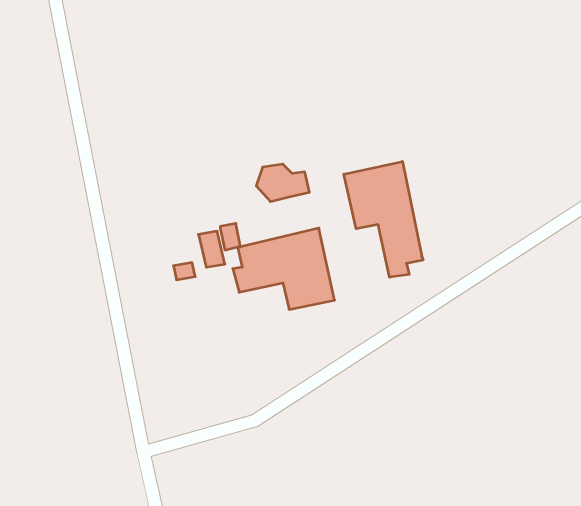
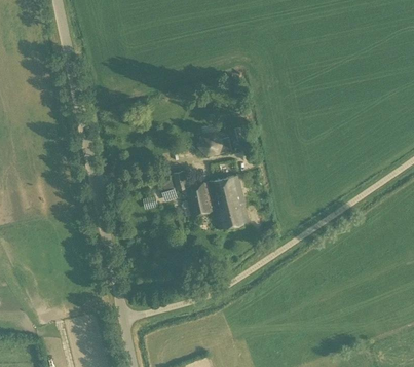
building: [344,161,423,277] -> none

